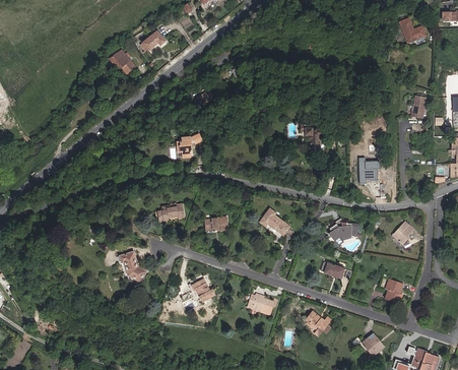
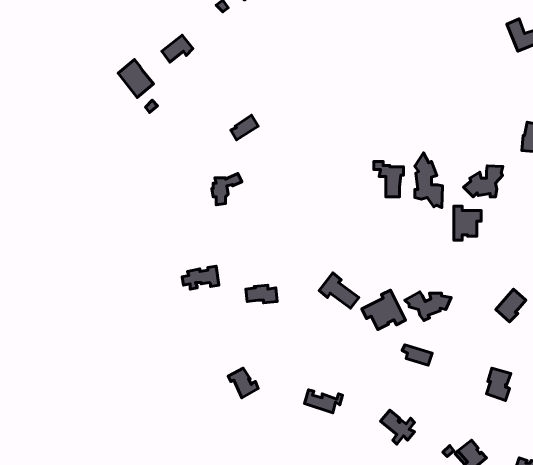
building: none -> [415,153,443,208]
building: none -> [464,166,503,197]
building: none -> [362,290,406,330]
building: [120,251,146,281] -> none

